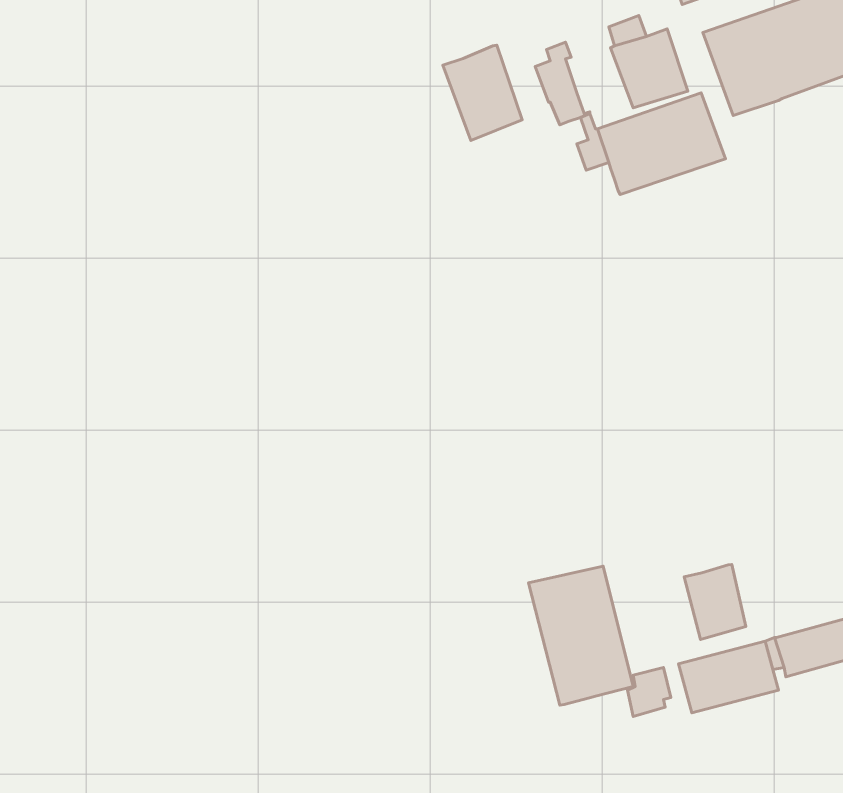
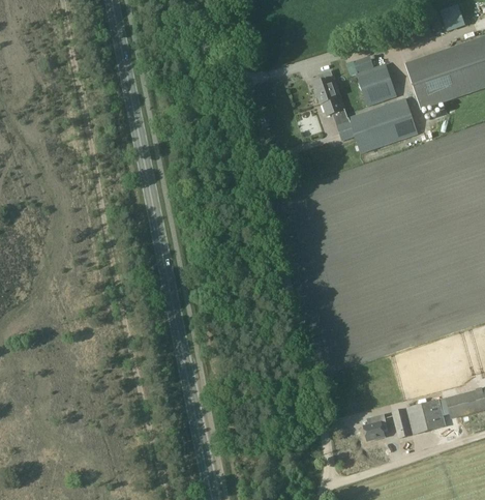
building: [443,45,522,140] -> none
building: [684,564,746,640] -> none
building: [529,566,633,705] -> none

